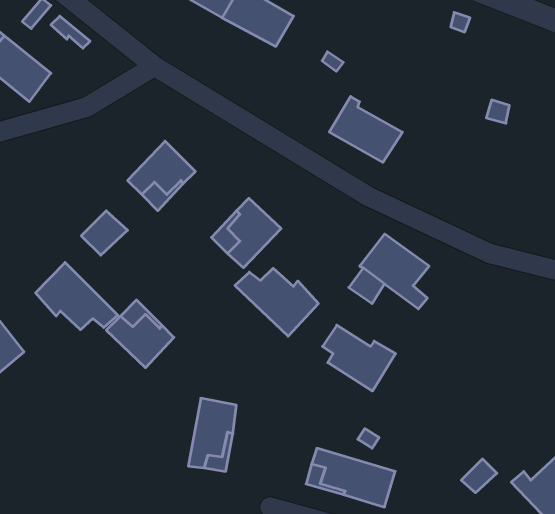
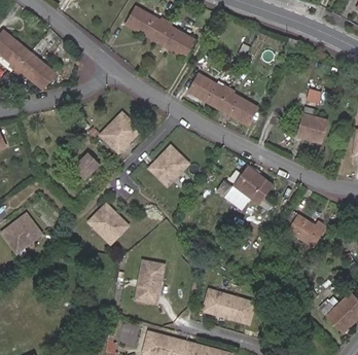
building: none -> [187,73,228,107]
building: none -> [297,105,327,142]
building: [36,262,118,330] -> none
building: [235,268,318,336] -> none
building: [322,325,396,391] -> [284,209,326,247]

